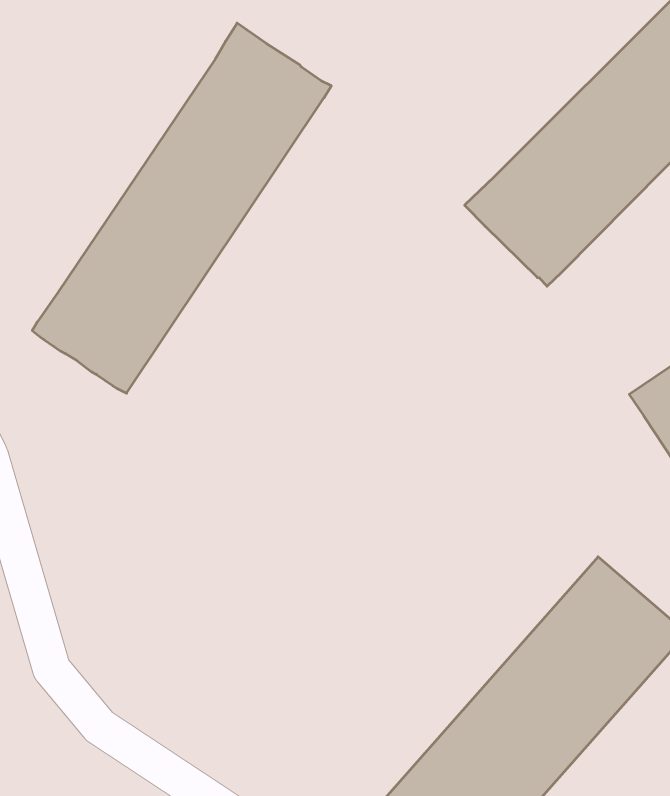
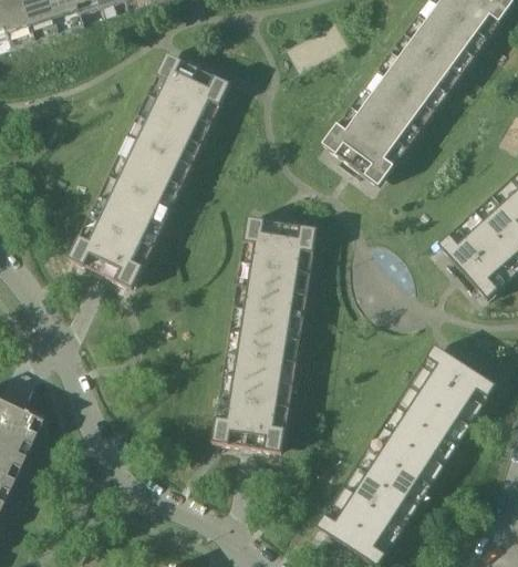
building: none -> [215,217,320,454]

